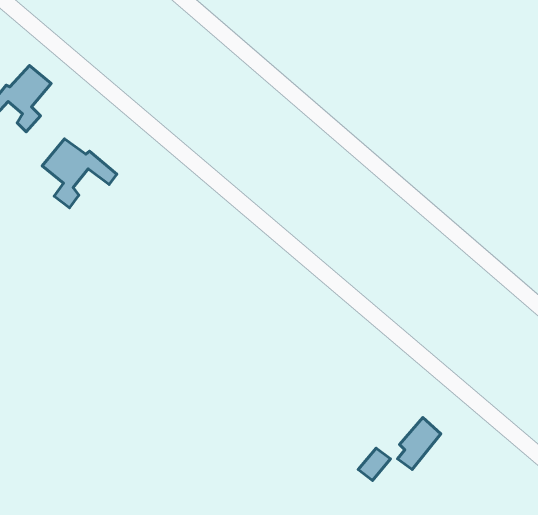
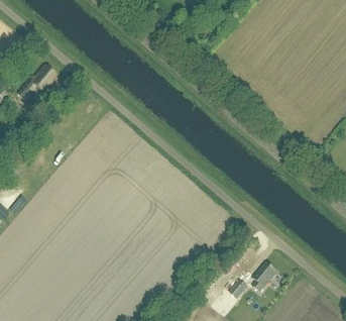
building: [42,139,117,208] -> none

